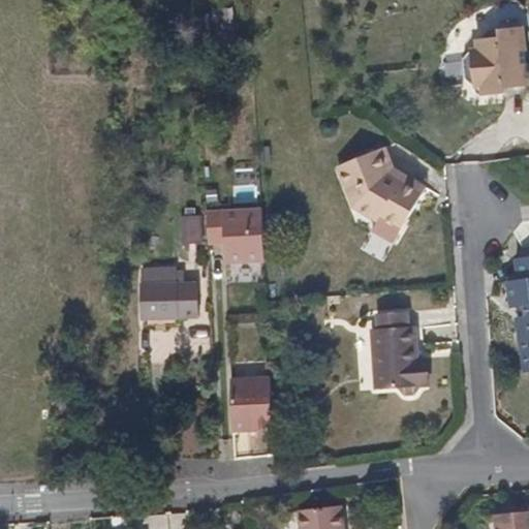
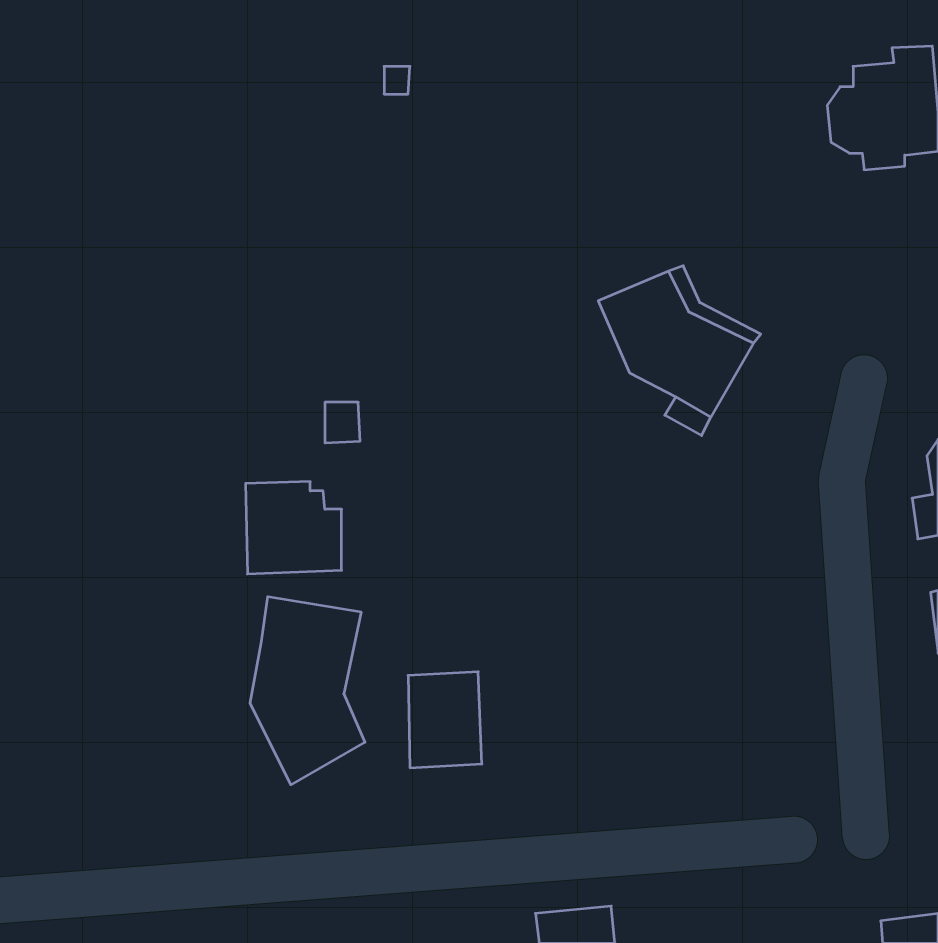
building: [204,208,262,261] -> none
building: [374,310,427,395] -> none
building: none -> [250,597,365,785]

